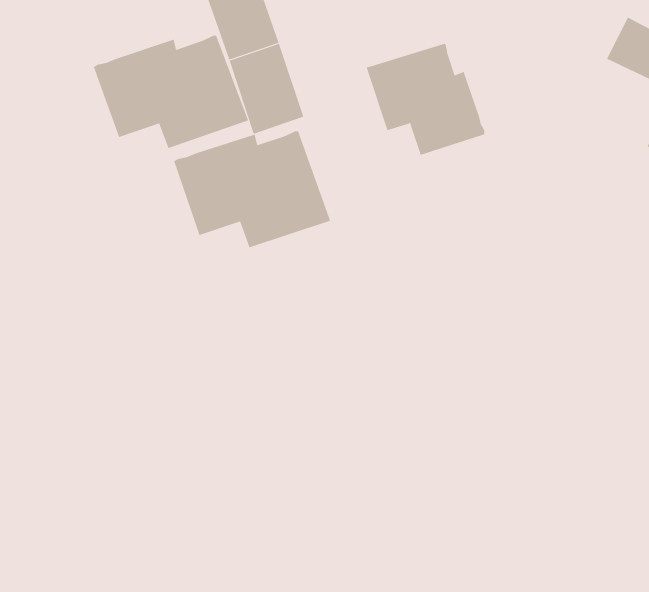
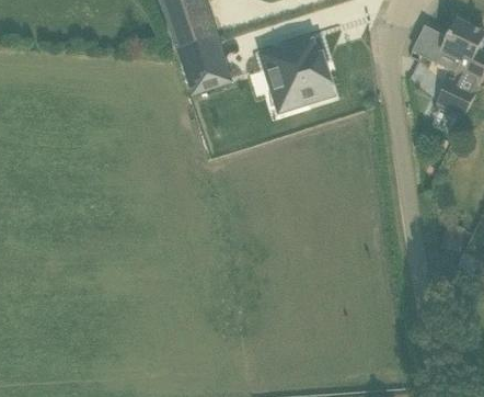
building: [93,35,249,149] -> none
building: [173,131,331,248] -> none

